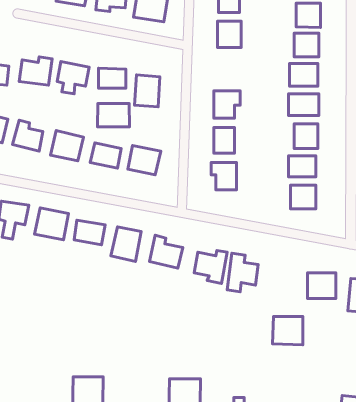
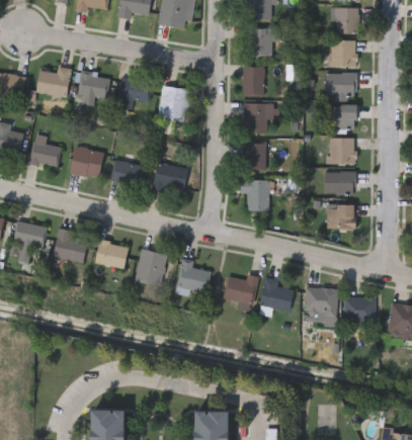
building: none -> [243,66,264,96]
building: [97,103,130,127] -> none
building: [273,316,303,345] -> [304,288,336,319]

